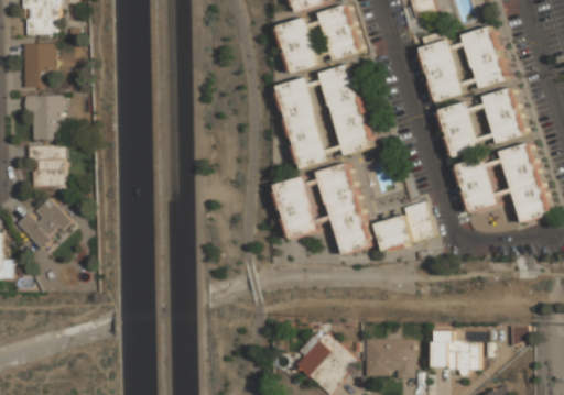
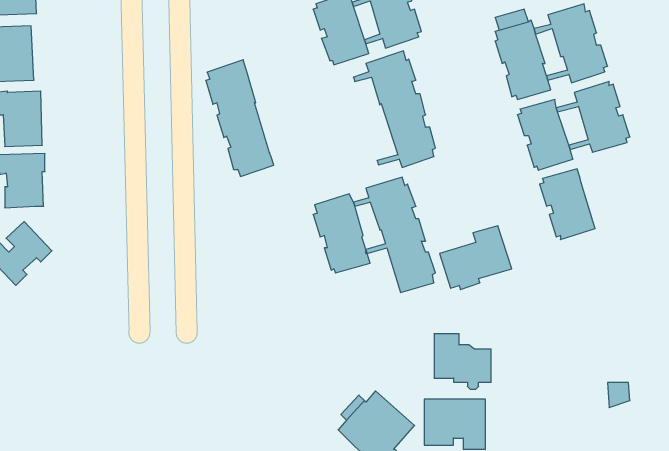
building: [274,76,328,168] -> [206,60,274,176]
building: [486,143,551,222] -> none
building: [430,331,475,375] -> [434,334,491,389]

